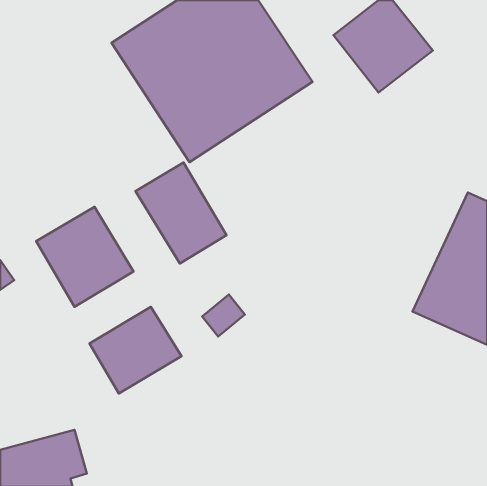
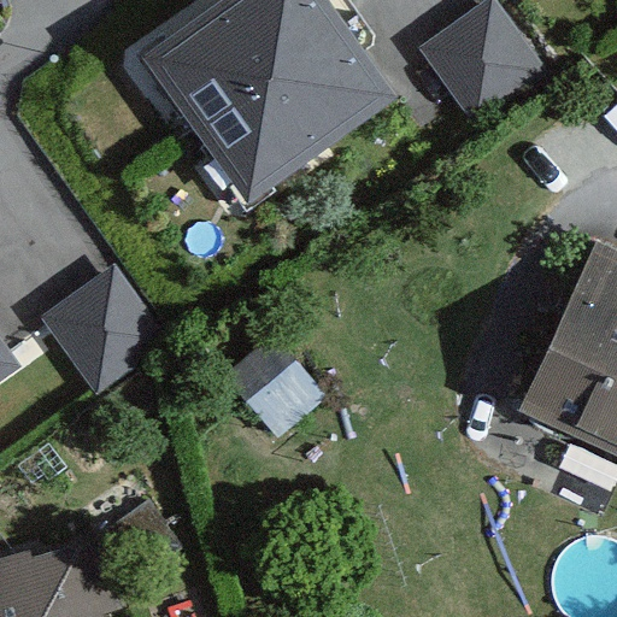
building: [136,162,227,263] -> none
building: [90,307,181,393] -> none

